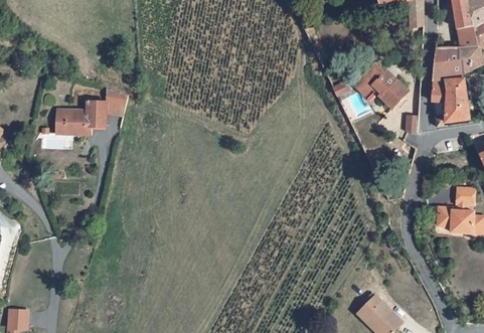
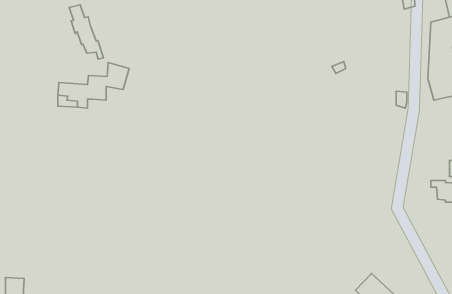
building: none -> [69,5,104,59]
building: [355,68,411,112] -> none

